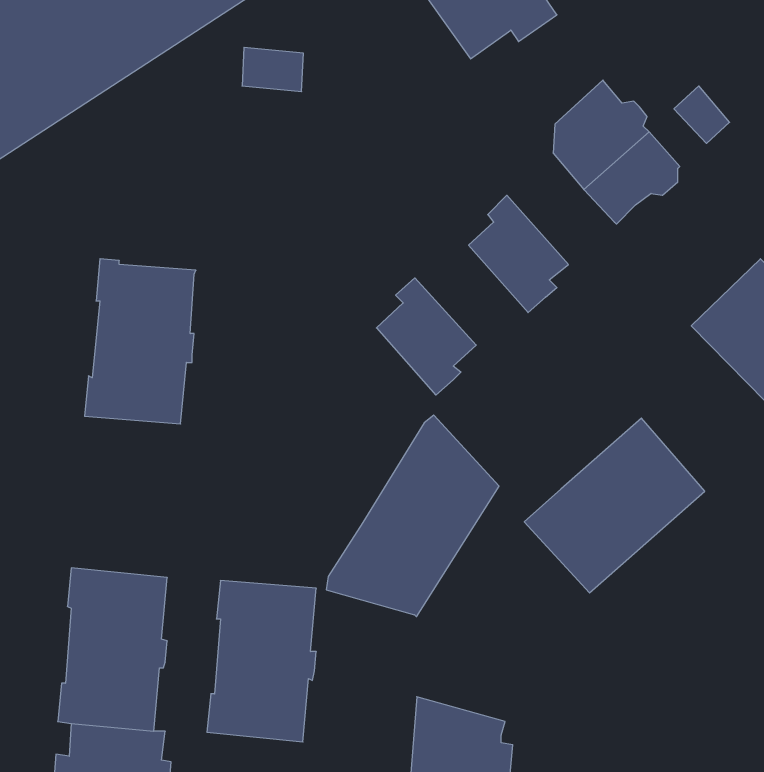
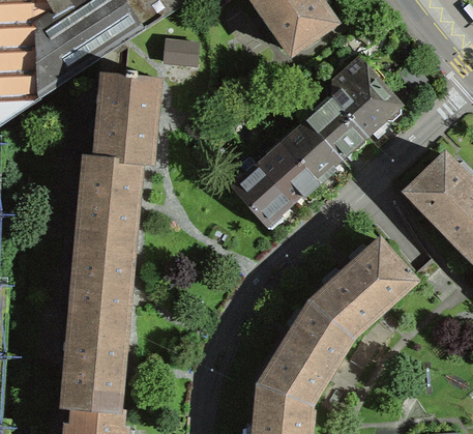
building: none -> [96,70,155,164]
building: none -> [305,96,363,157]
building: none -> [256,147,317,201]
building: [326,415,499,617] -> [257,296,350,405]
building: [207,581,316,742] -> [70,239,129,326]

